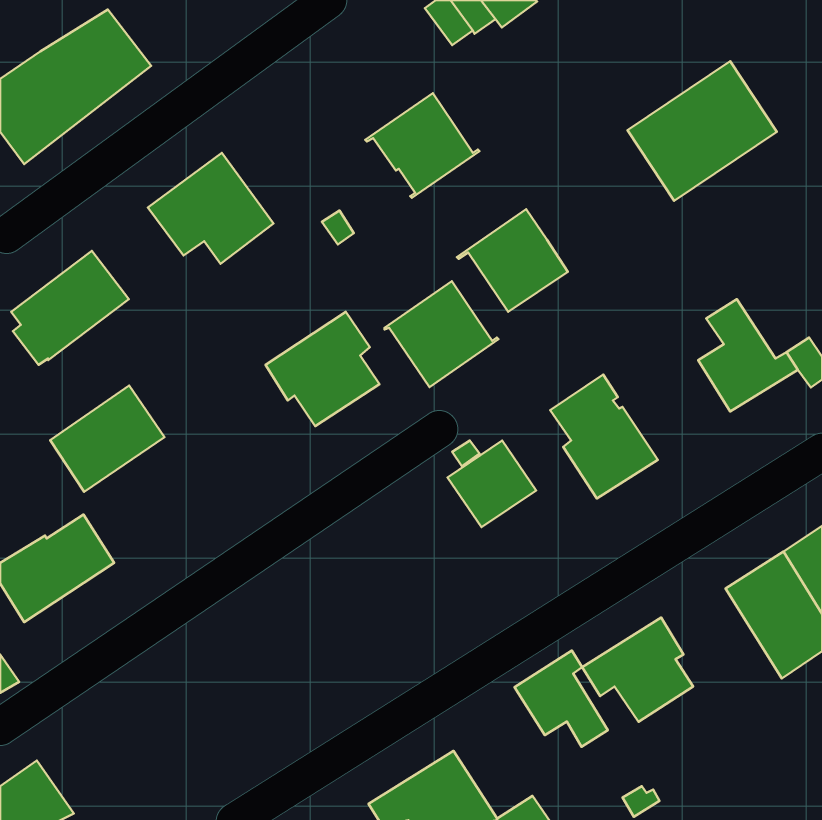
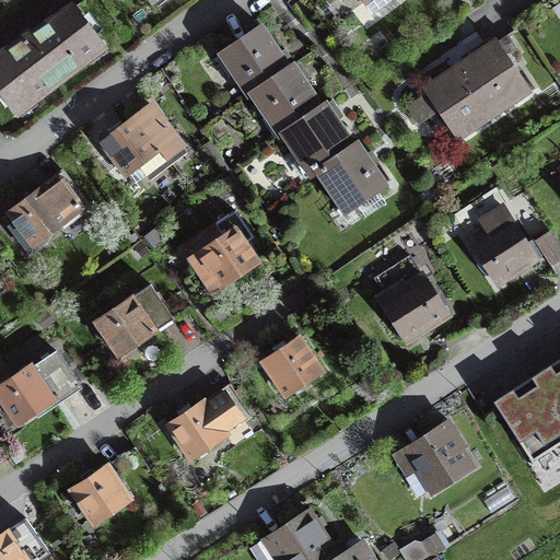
building: none -> [221,26,294,96]
building: [384,281,499,387] -> [280,104,358,176]
building: [50,386,164,492] -> [96,284,174,357]
building: [448,440,536,527] -> [262,337,323,396]
building: none -> [167,393,243,459]
building: [515,651,608,747] -> none
building: none -> [71,466,131,525]

